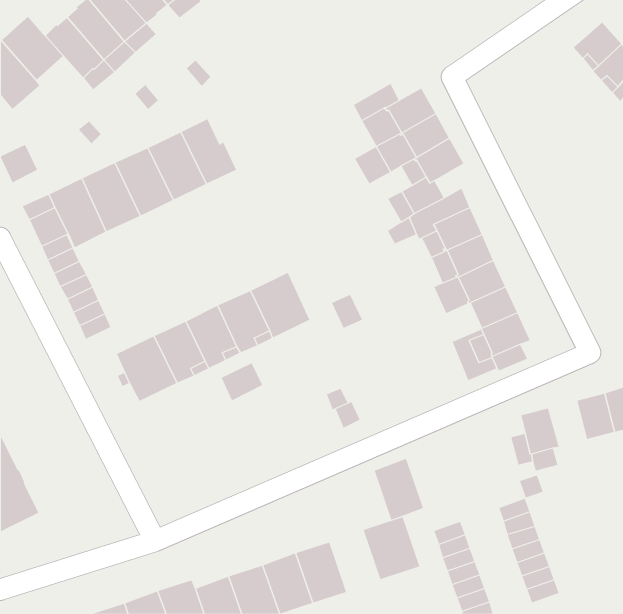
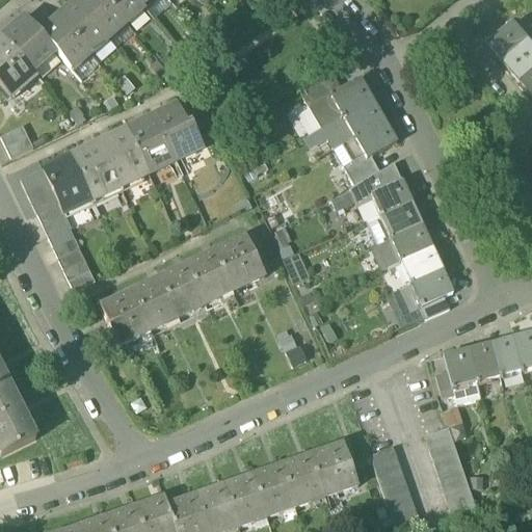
building: [221,362,265,401] -> none
building: none -> [468,341,500,380]
building: [374,458,424,520] -> [282,451,324,504]

